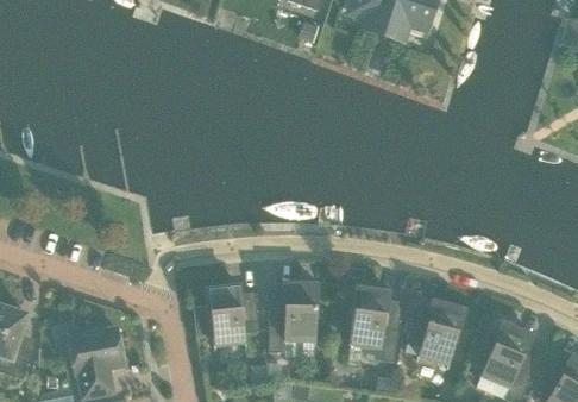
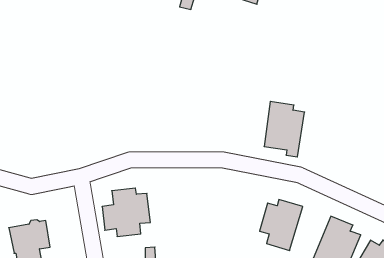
building: [269,284,316,353] -> none
building: [348,288,403,363] -> [264,101,305,157]

